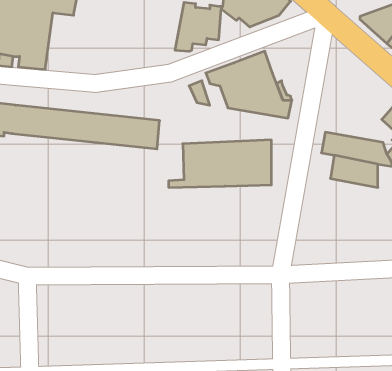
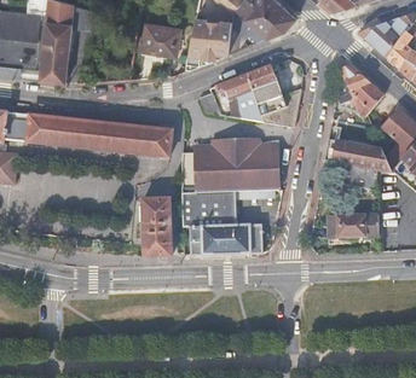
building: none -> [141,22,180,54]
building: none -> [336,68,382,114]
building: none -> [180,191,261,254]
building: none -> [141,198,169,255]
building: none -> [328,214,379,239]

